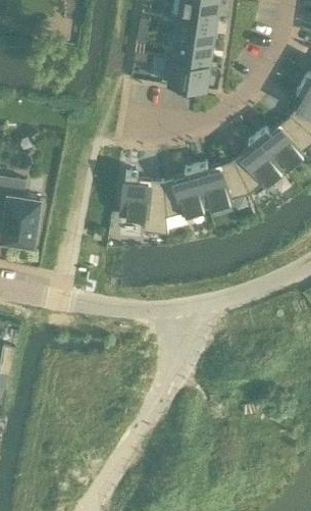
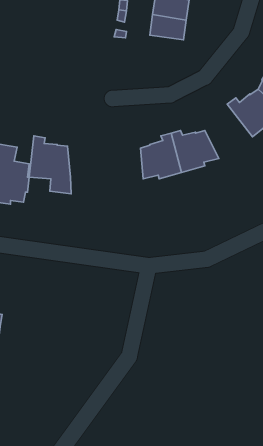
building: [162,58,209,87] -> none
building: [232,135,284,194] -> none
building: [120,171,166,235] -> [29,136,71,194]

